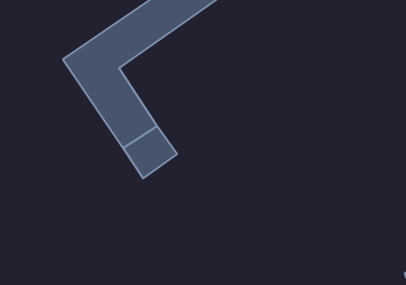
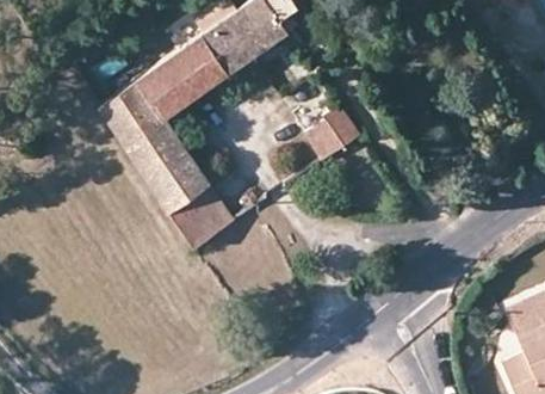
building: none -> [302,109,358,164]

